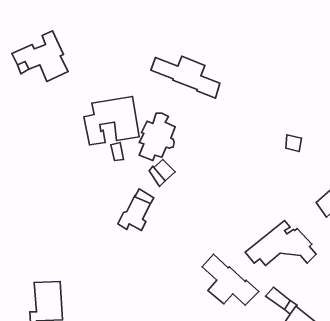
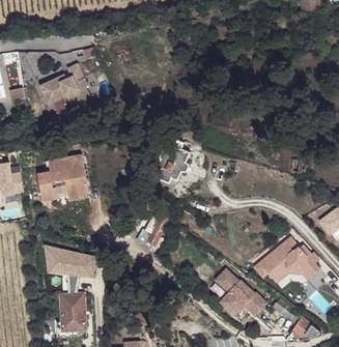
building: [151,56,220,98] -> none
building: [84,96,139,145] -> [37,155,88,200]
building: none -> [44,248,95,277]

